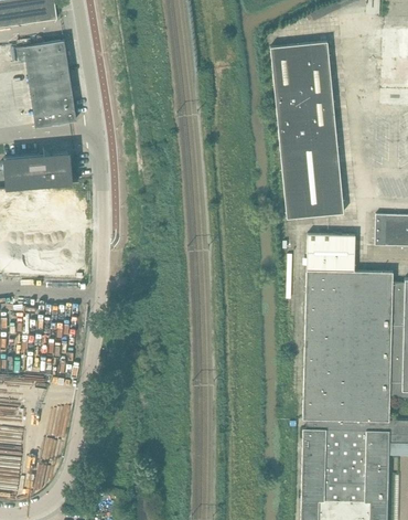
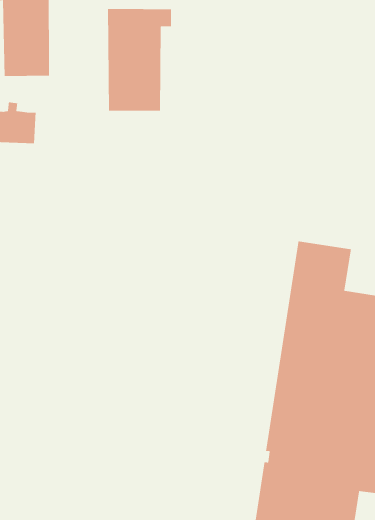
building: [270,41,344,219] -> none
building: none -> [107,8,172,111]

